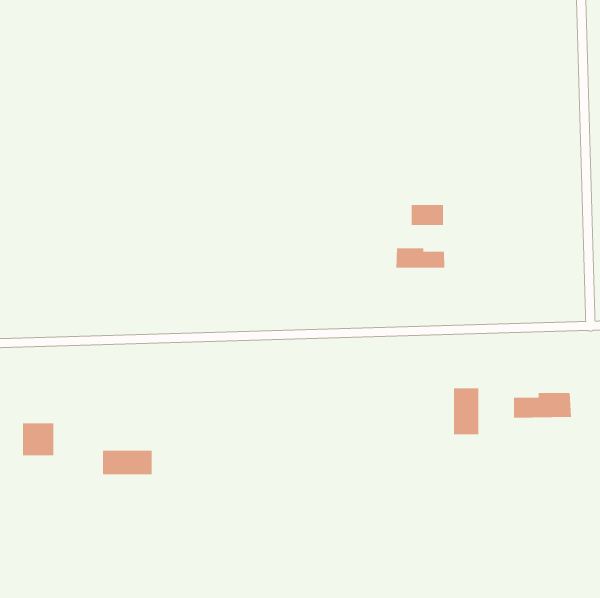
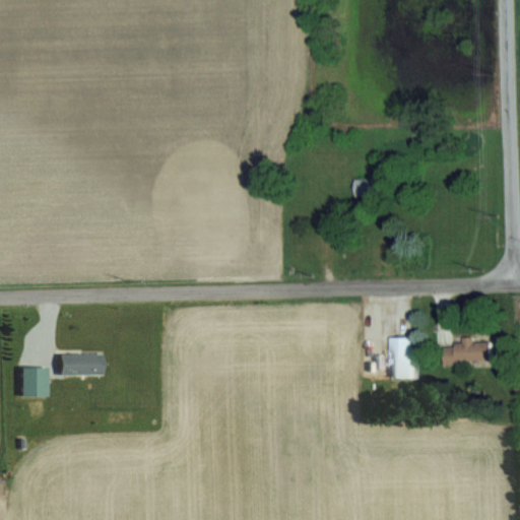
building: [396,247,445,268] -> none
building: [102,450,153,475] -> [58,353,102,375]

